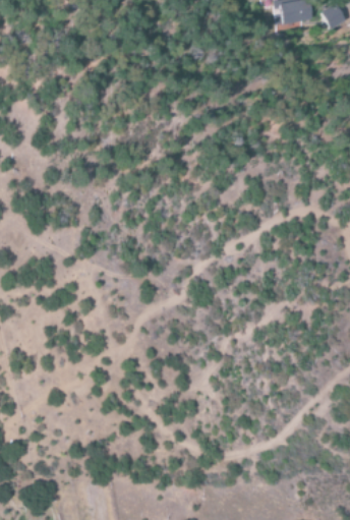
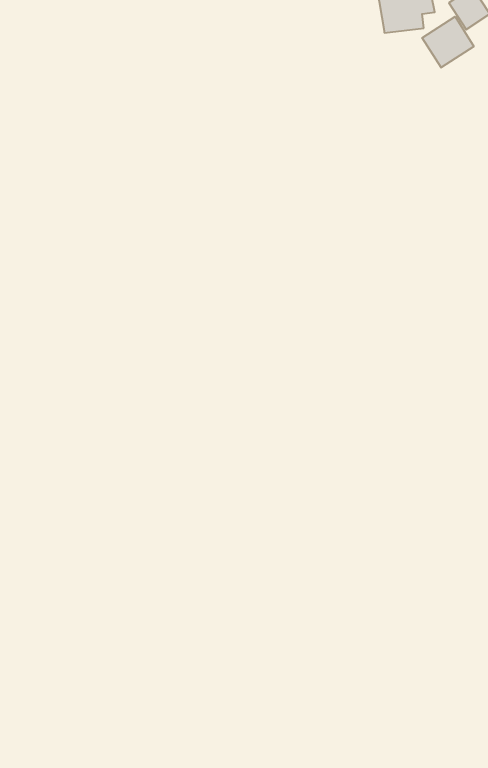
building: none -> [422,17,474,68]

